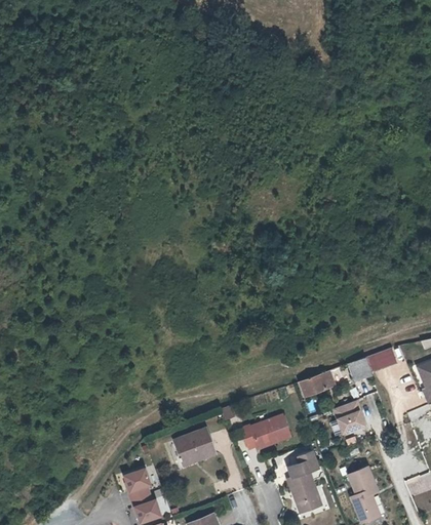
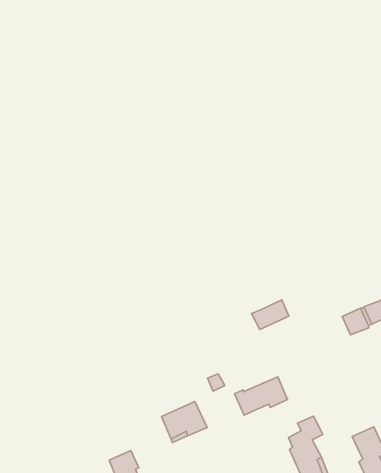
building: [300,370,334,396] -> [252,300,289,330]
building: [332,400,363,433] -> none

